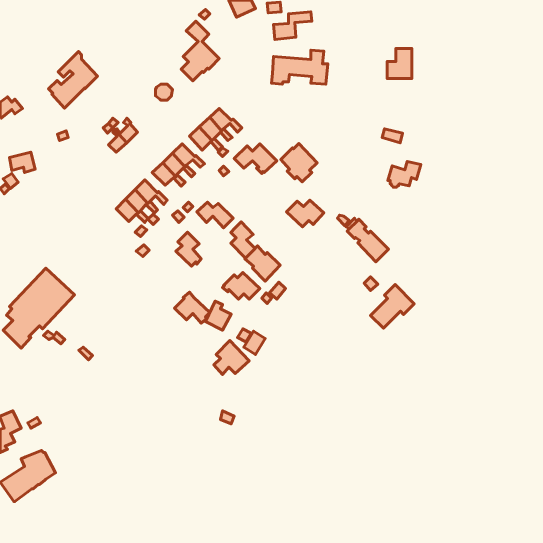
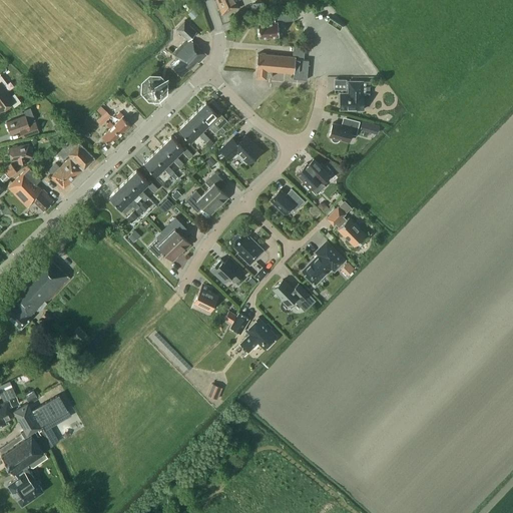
building: [387,49,412,78] -> [341,82,364,110]
building: [49,52,98,108] -> [49,136,95,189]
building: none -> [7,116,40,138]
building: [281,144,317,182] -> [297,159,331,195]
building: [388,161,421,187] -> [330,119,361,143]
building: none -> [9,169,54,212]
building: [231,222,255,258] -> [206,172,229,206]
building: [371,285,414,328] -> [304,242,345,284]
building: [175,292,210,323] -> [148,232,181,262]
building: none -> [274,281,315,309]
building: [214,341,249,375] -> [244,318,278,350]
building: none -> [15,396,68,431]
building: none -> [8,453,48,505]

